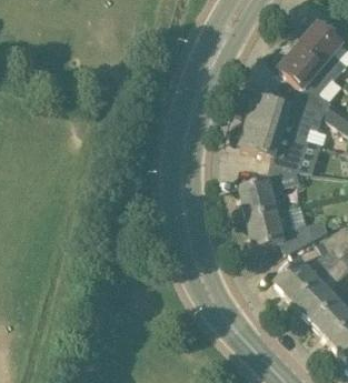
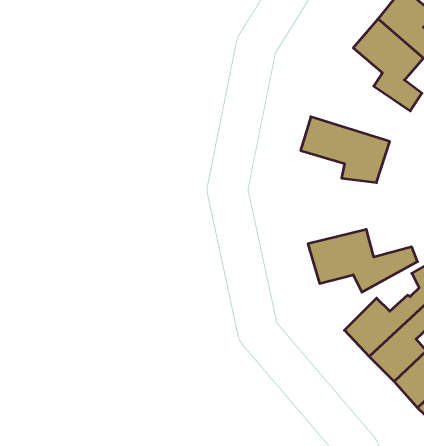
building: [247,95,322,140] -> none
building: [237,168,300,218] -> none

